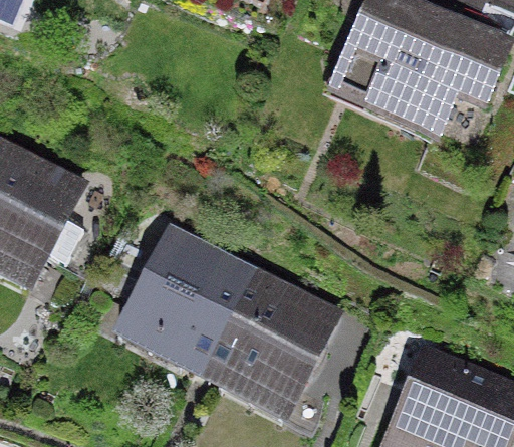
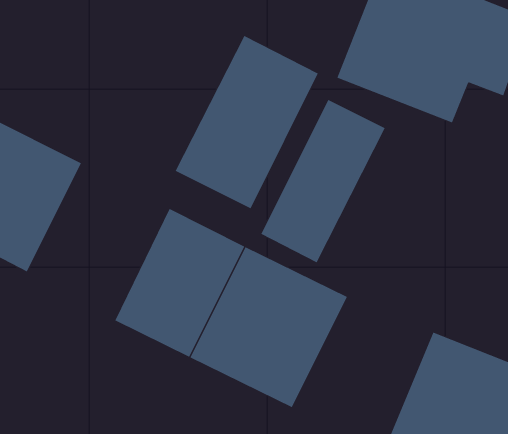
building: none -> [175,35,319,209]
building: none -> [261,99,385,263]

